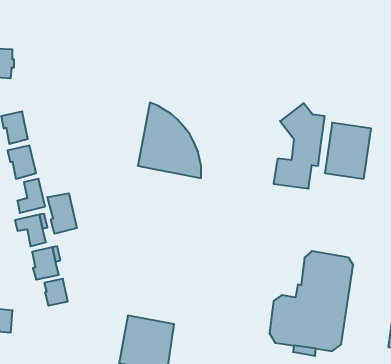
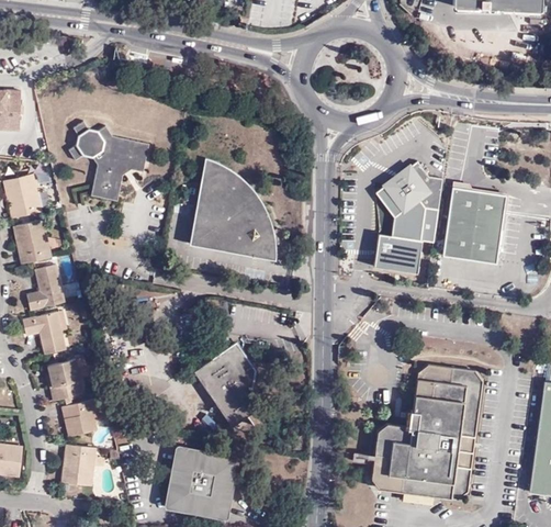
building: none -> [65,119,149,201]
building: [47,193,77,234] -> none
building: none -> [193,346,256,429]
building: none -> [60,445,97,485]

